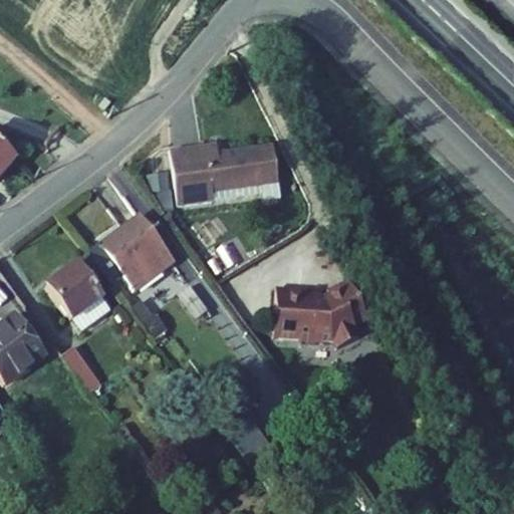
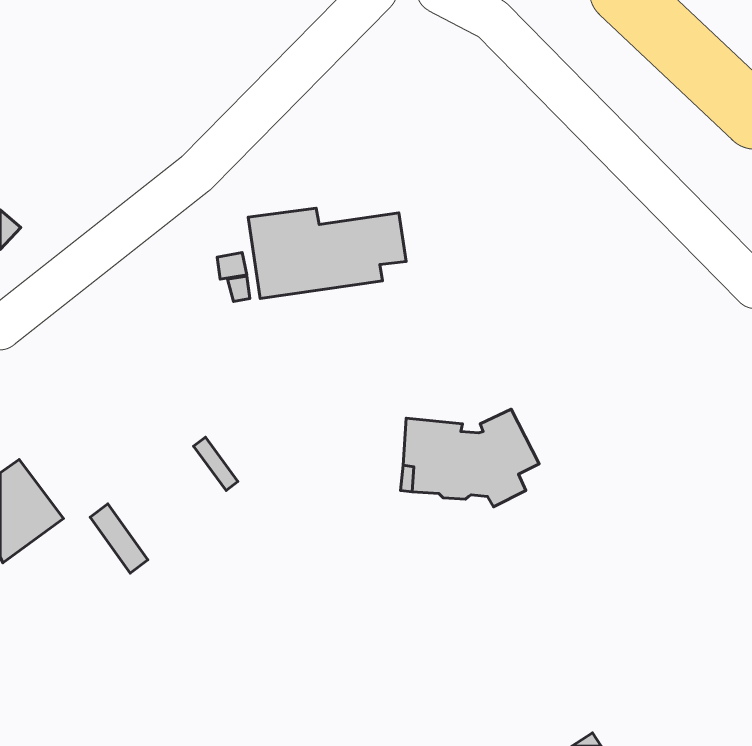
building: [100,213,175,287] -> none
building: [46,261,110,328] -> none

